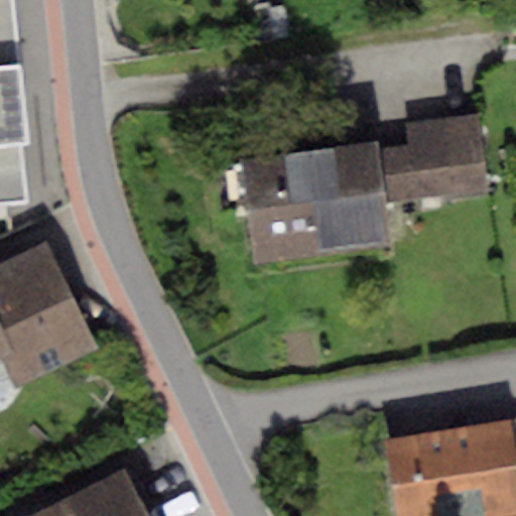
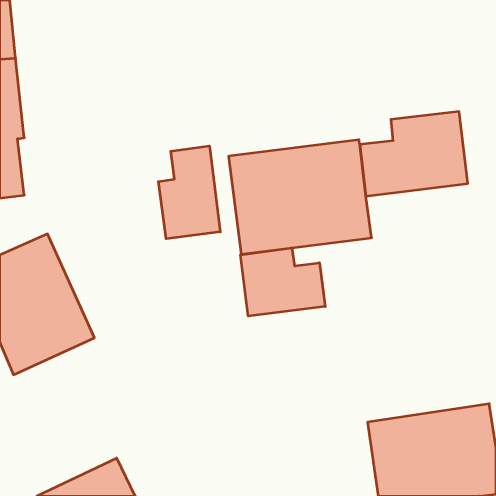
building: none -> [158,146,220,239]
building: none -> [241,248,325,316]

